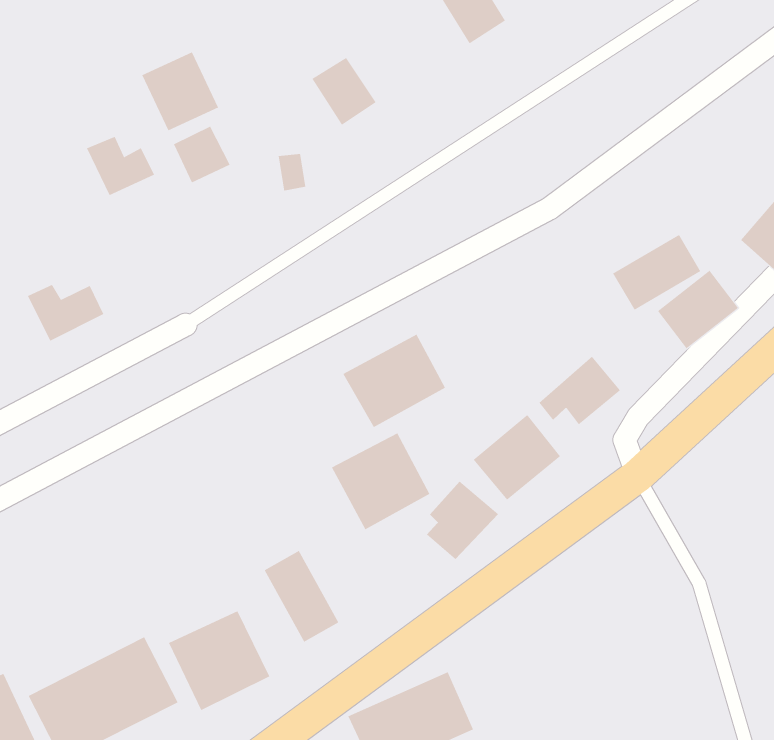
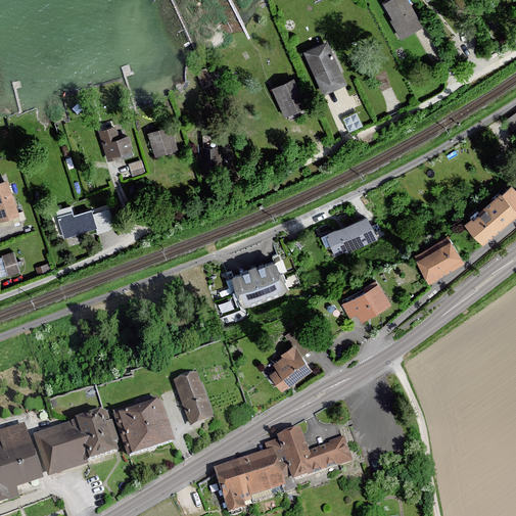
building: [142,52,219,131] -> none
building: [311,57,376,126] -> [271,78,307,116]
building: [612,234,701,310] -> [326,214,377,254]
building: [473,414,561,500] -> none
building: [331,432,430,530] -> none
building: none -> [276,431,350,481]

